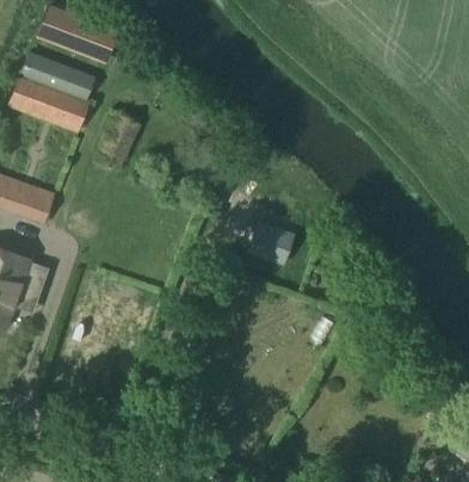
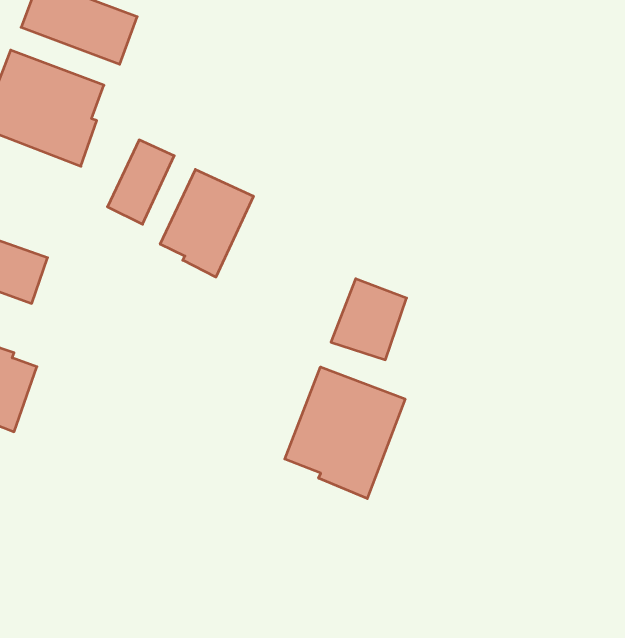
building: none -> [160,169,253,277]
building: none -> [285,367,405,499]

